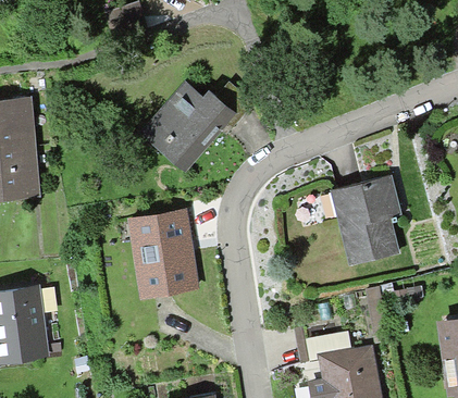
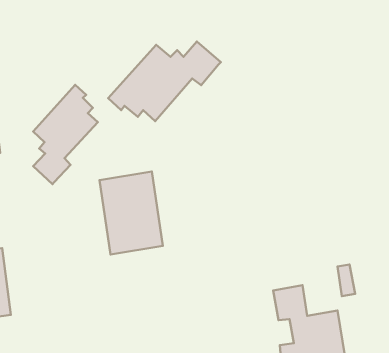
building: none -> [33,85,98,184]
building: [341,176,397,265] -> none

